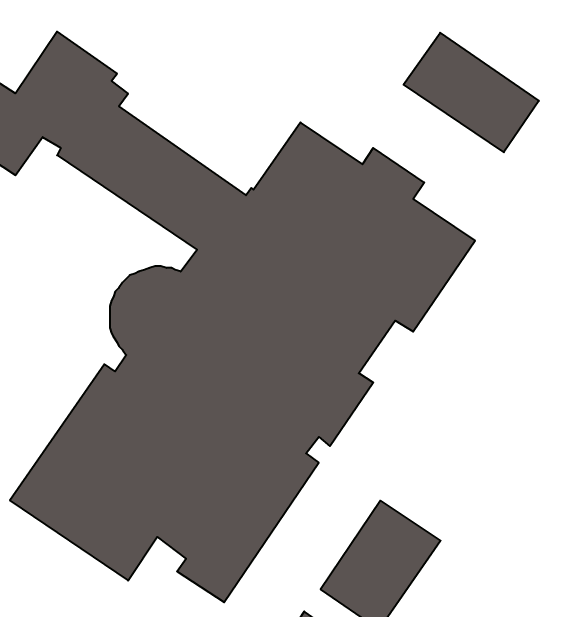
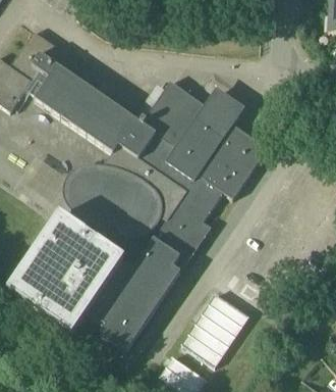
building: [404,33,539,152] -> none

